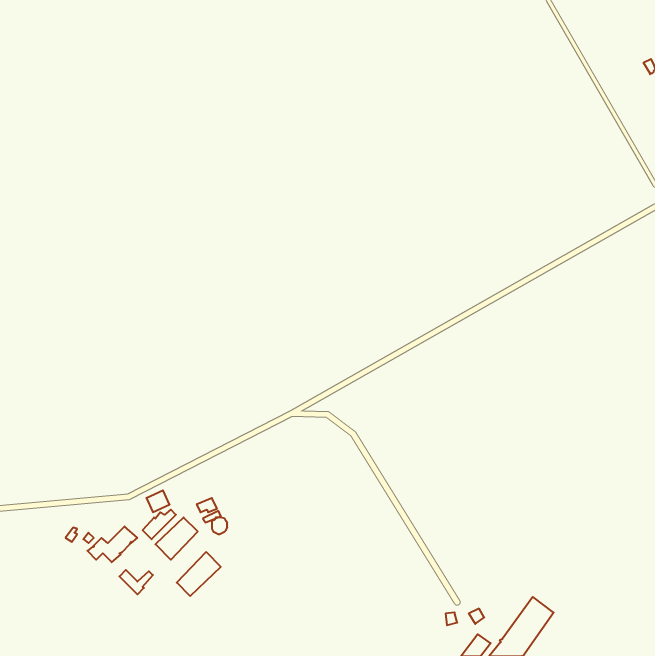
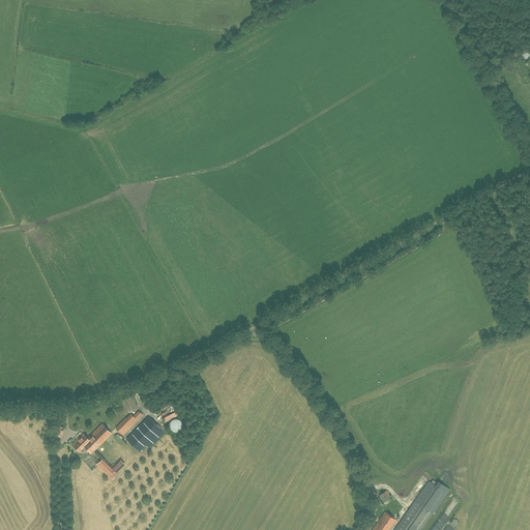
building: [177,552,221,596] -> none

